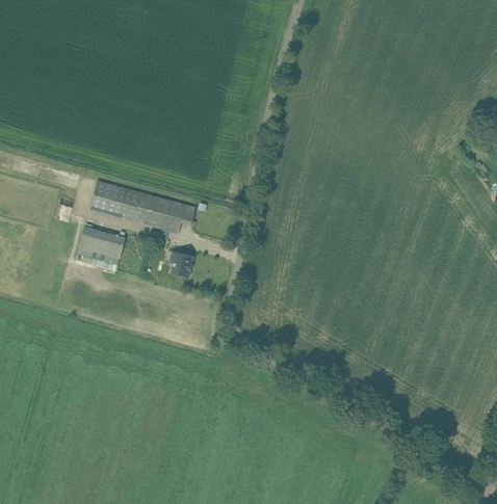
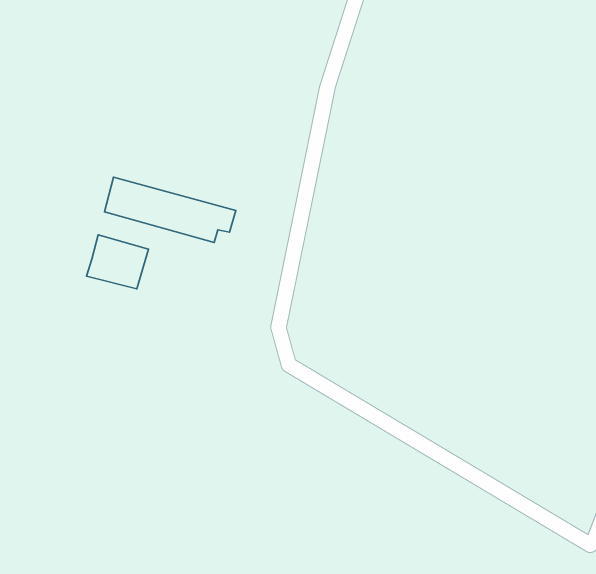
building: [171,251,193,277] -> none

